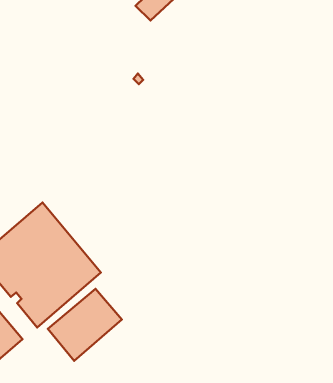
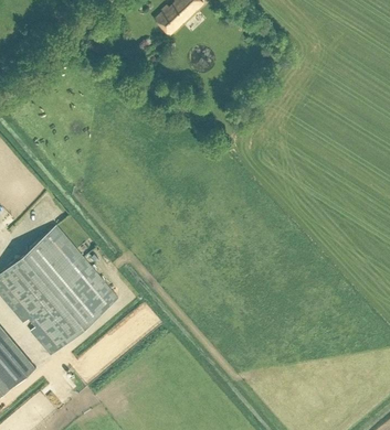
building: [48,289,122,361] -> none

